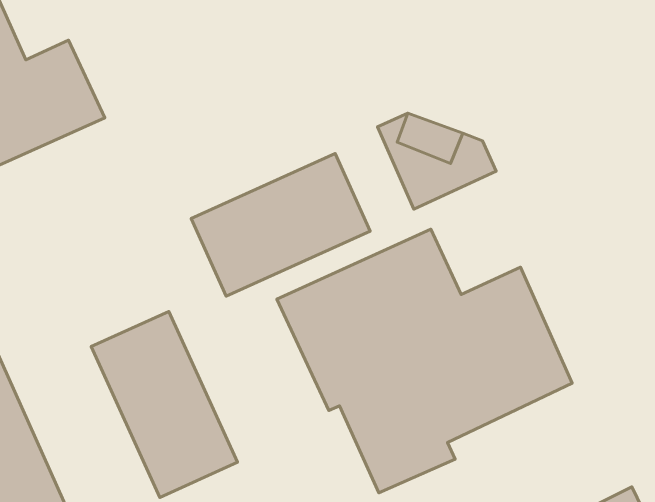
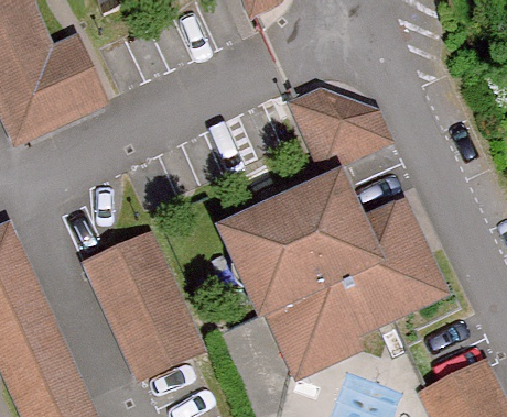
building: [191,153,370,296] -> none

